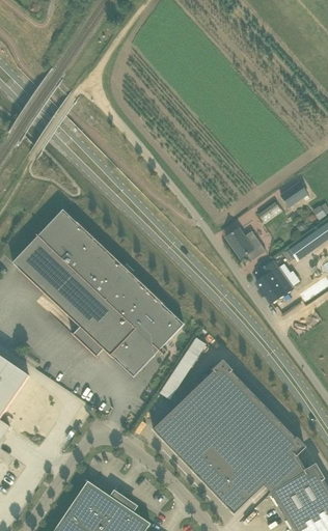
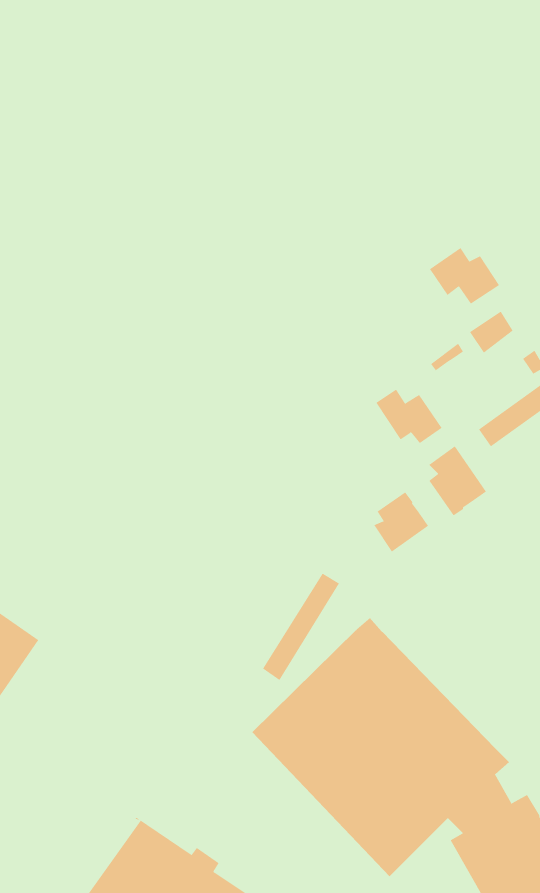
building: none -> [429,247,500,305]
building: [12,209,184,378] -> none
building: none -> [373,491,429,552]

